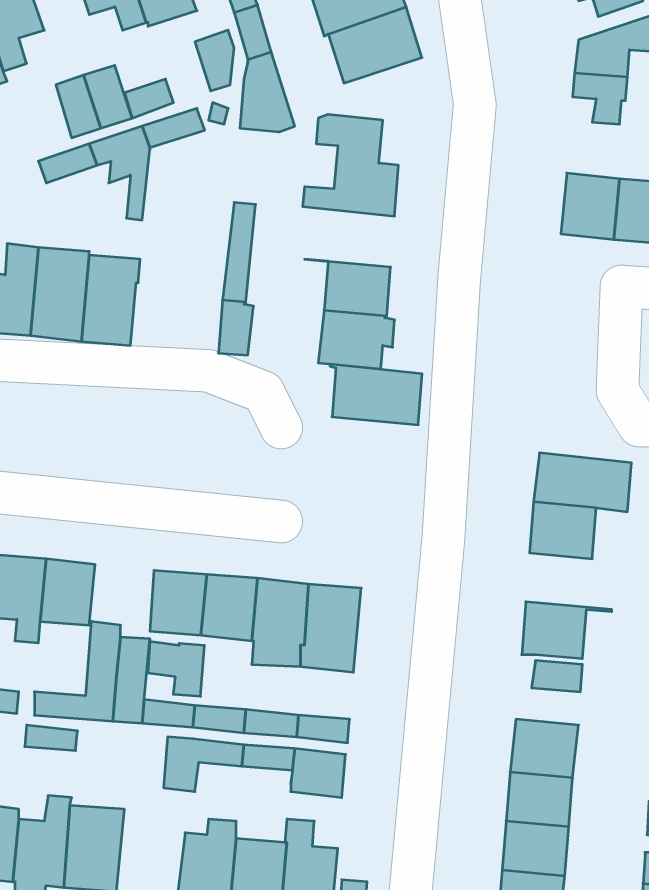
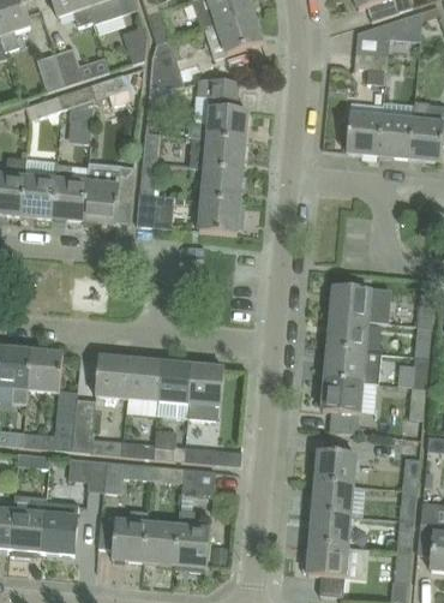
building: none -> [83,163,134,223]
building: [330,364,422,425] -> [188,135,245,172]
building: none -> [325,347,380,382]
building: [148,641,204,696] -> [71,458,106,491]

